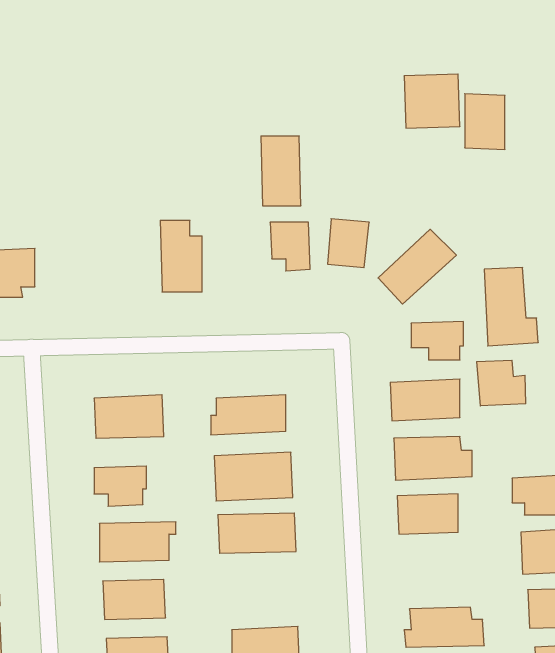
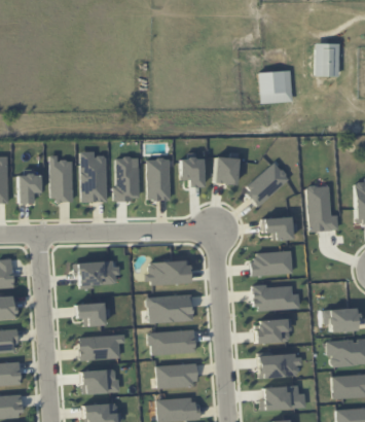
building: [465,94,505,149] -> [315,43,338,76]
building: [261,136,301,206] -> [147,159,171,200]
building: none -> [81,151,107,202]
building: none -> [50,155,73,201]
building: [477,360,526,406] -> none
building: none -> [257,354,302,378]
building: none -> [156,364,196,388]

